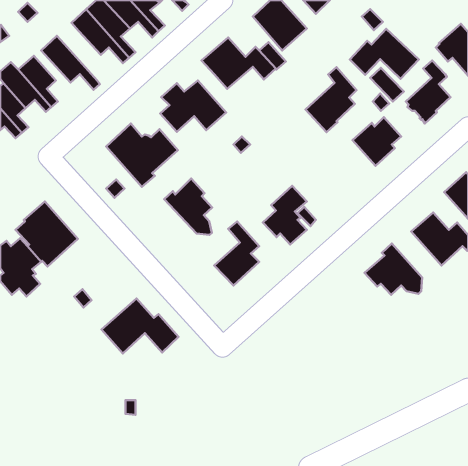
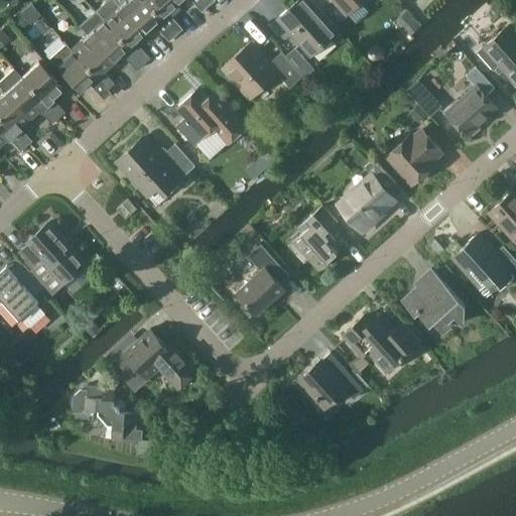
building: [350,29,419,79] -> none
building: none -> [71,36,113,91]
building: [305,67,357,132] -> [340,160,396,232]
building: [164,179,212,235] -> none
building: none -> [343,315,420,373]
building: none -> [300,354,369,409]
building: none -> [73,386,137,441]

